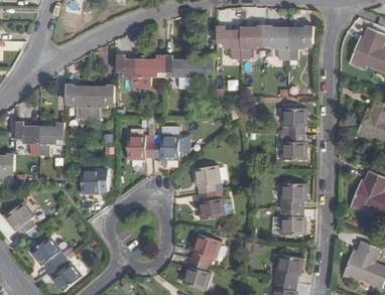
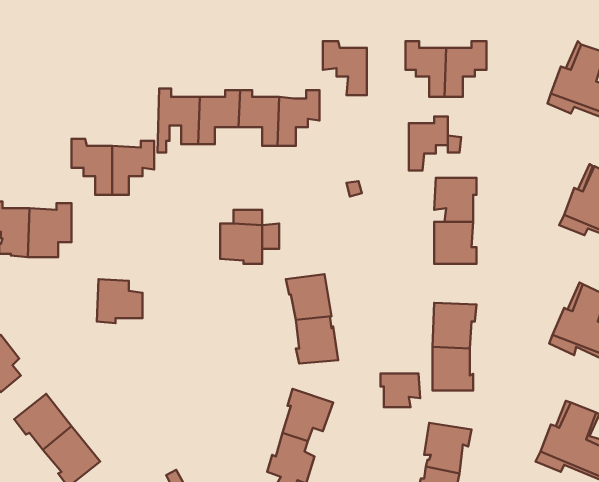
building: [241,26,264,58] -> [409,116,448,171]
building: [127,135,153,159] -> none
building: none -> [381,374,420,407]

